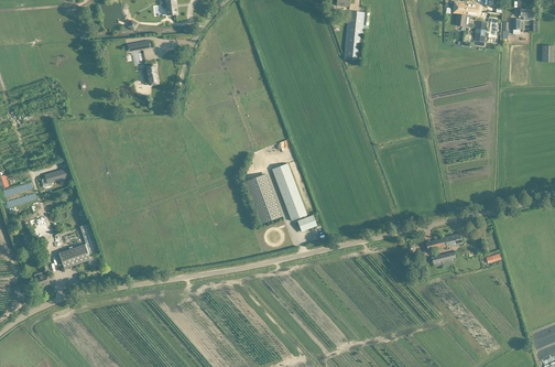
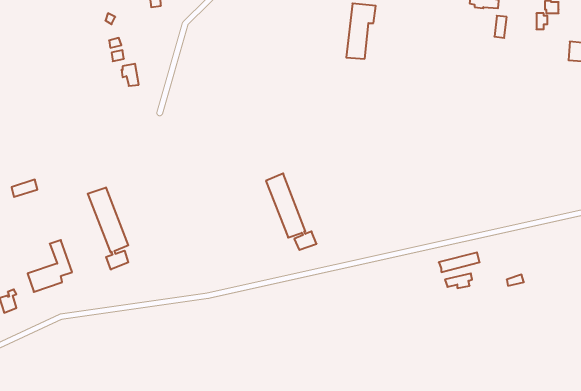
building: [242,173,284,227] -> none
building: none -> [88,187,128,270]

